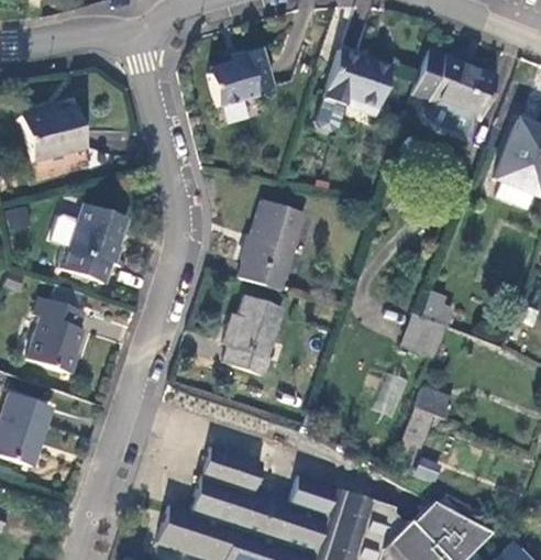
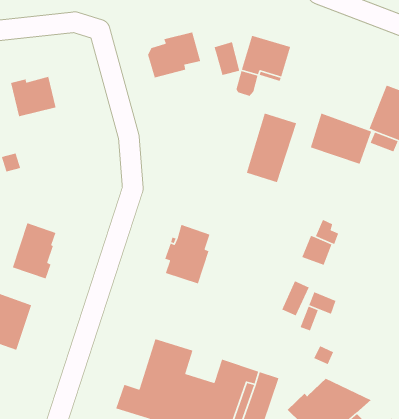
building: [411,48,493,117] -> [310,113,372,165]
building: none -> [213,41,240,76]
building: [239,199,306,292] -> [246,113,297,183]
building: [63,205,130,281] -> none

